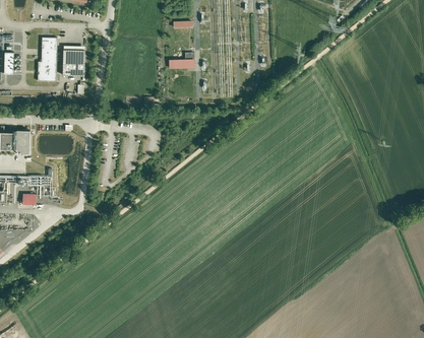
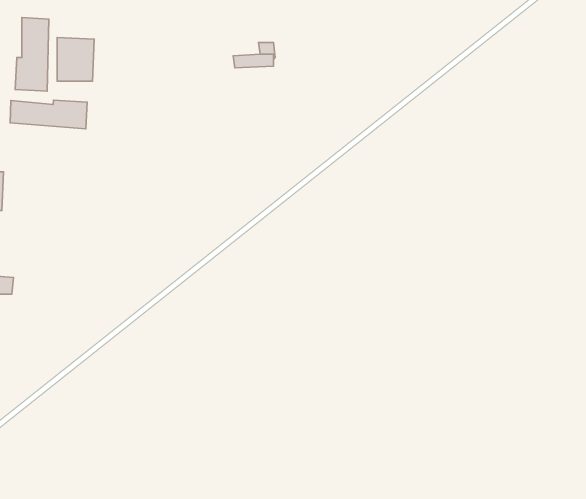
building: none -> [10,100,87,129]

